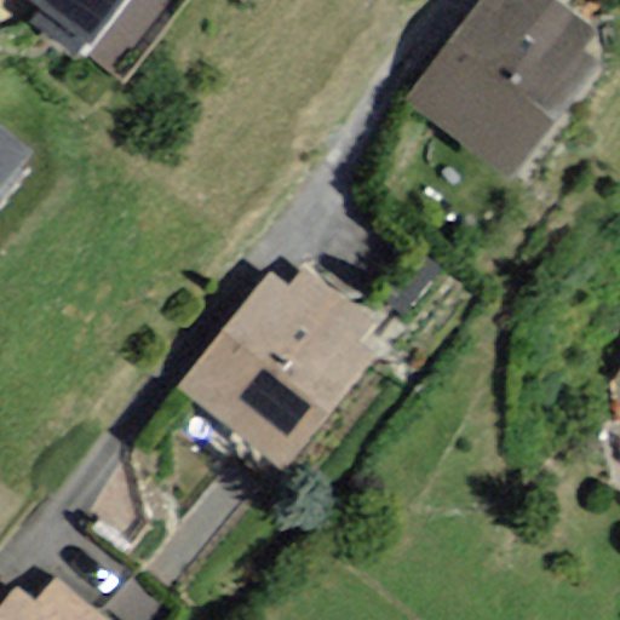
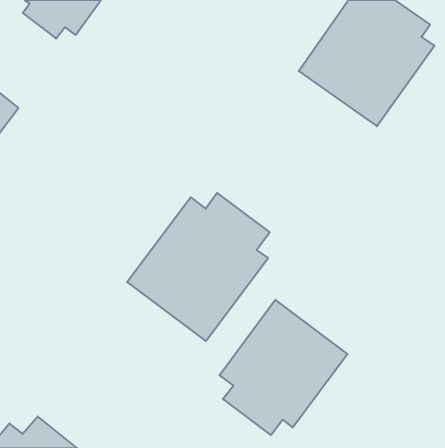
building: none -> [219,300,348,435]

